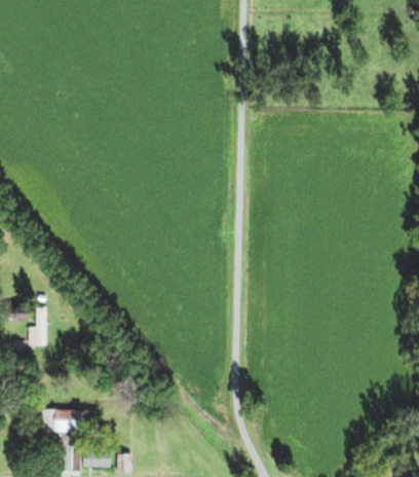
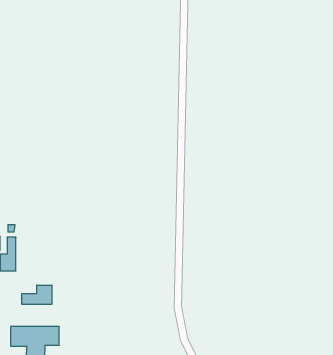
building: none -> [22,285,52,304]

